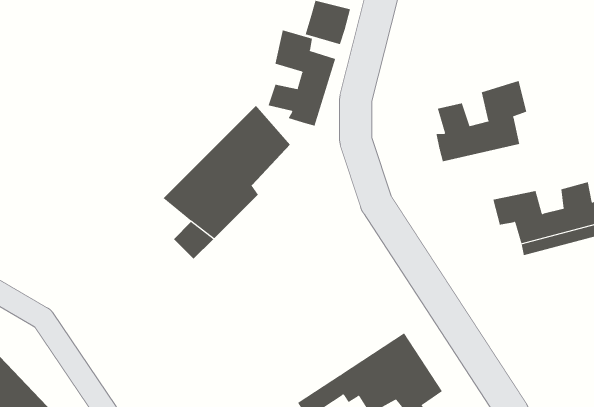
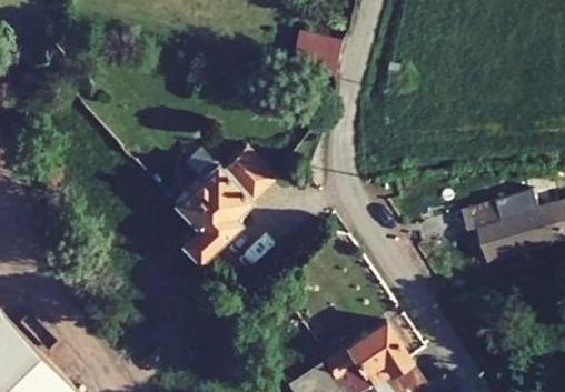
building: [268,30,336,127] -> none
building: [436,80,527,162] -> none

